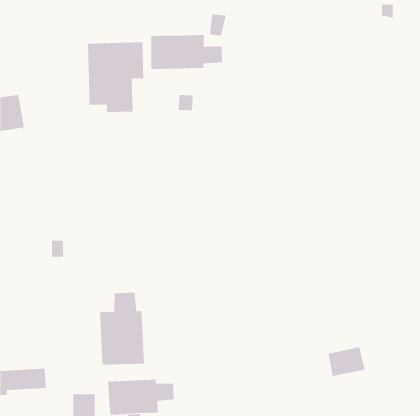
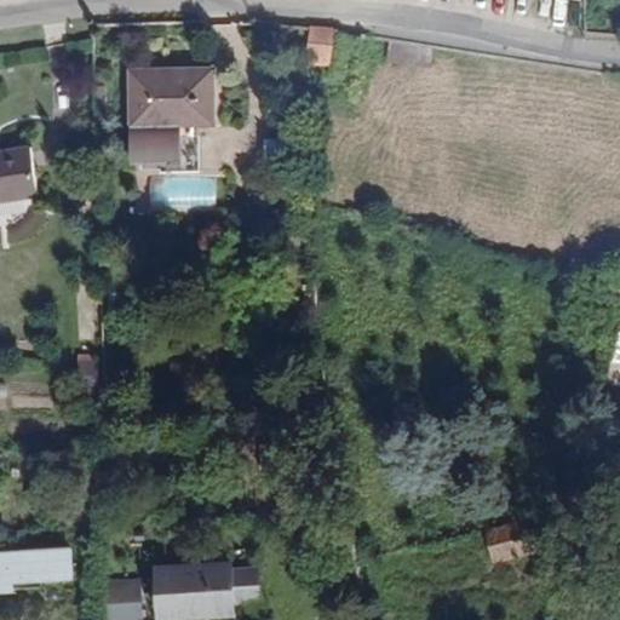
building: [151,34,223,70] -> none
building: [100,292,145,365] -> none

